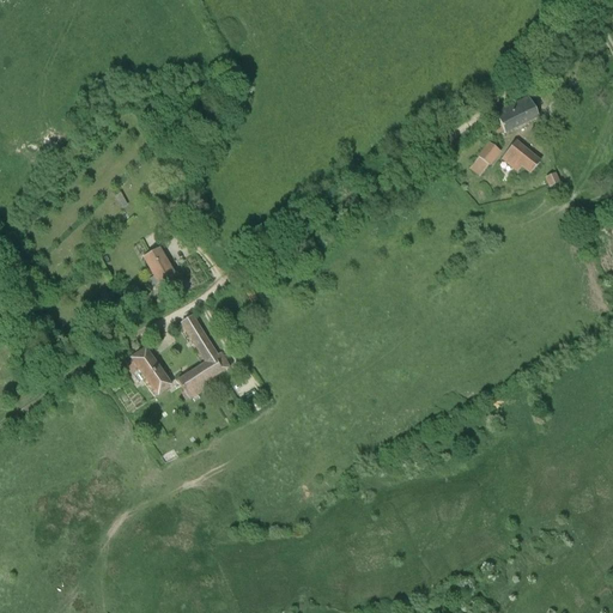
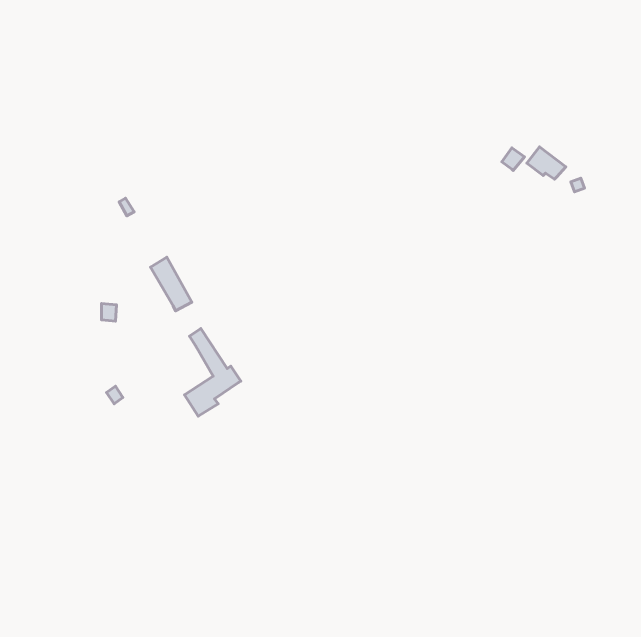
building: [494,95,538,128] -> none
building: [131,346,174,393] -> none

